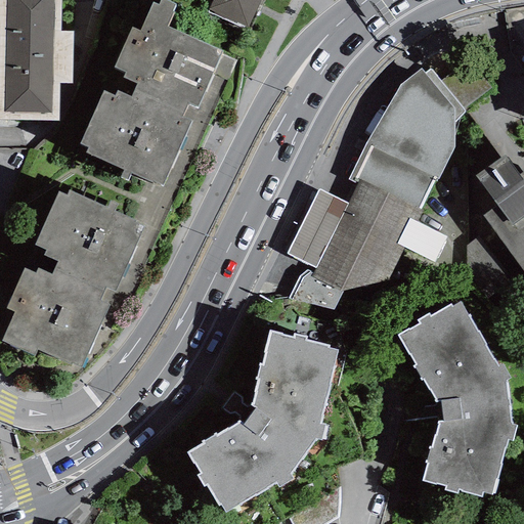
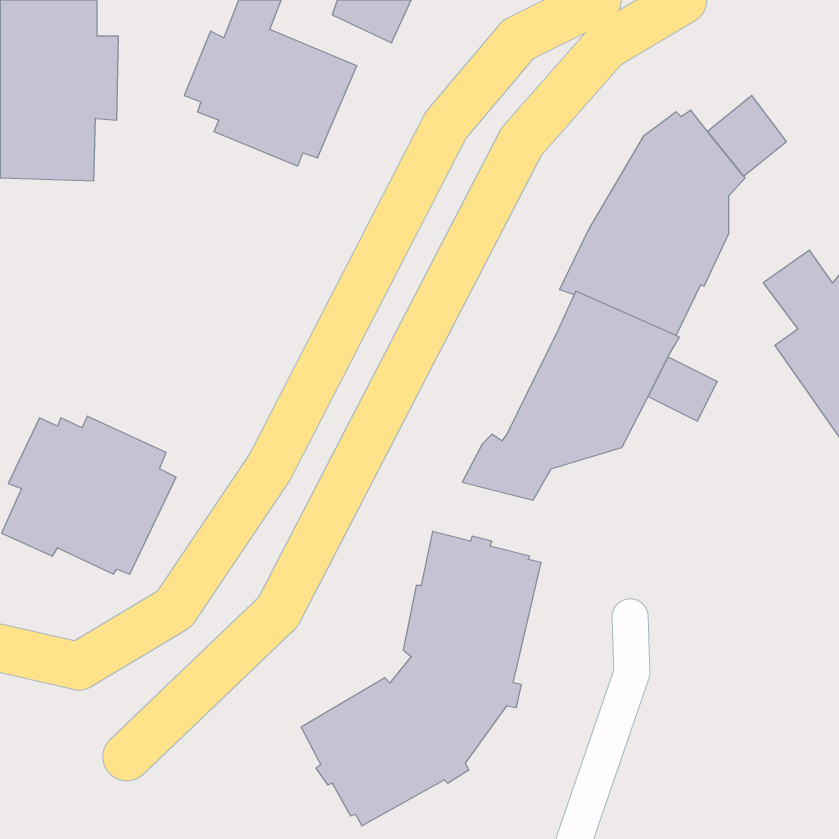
building: [81,83,192,178] -> none
building: [36,183,145,282] -> none
building: [287,192,348,271] -> none
building: [398,302,517,496] -> none

